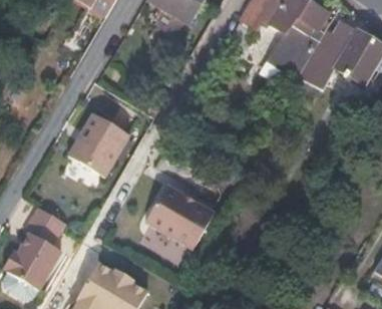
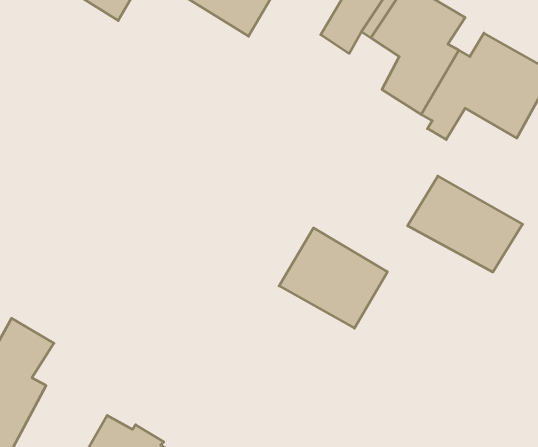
building: [65,108,128,174] -> none
building: none -> [408,176,523,272]
building: [145,187,215,251] -> [279,228,387,328]

